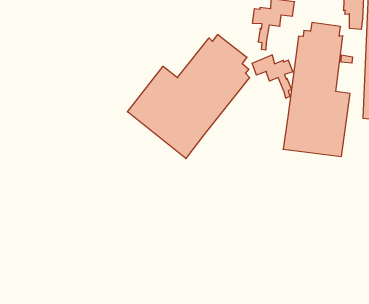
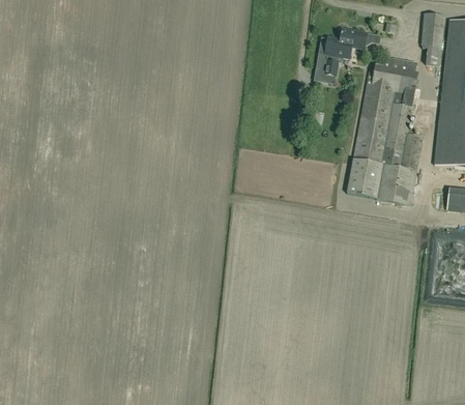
building: [127,34,250,159] -> none
building: [252,55,293,98] -> none

